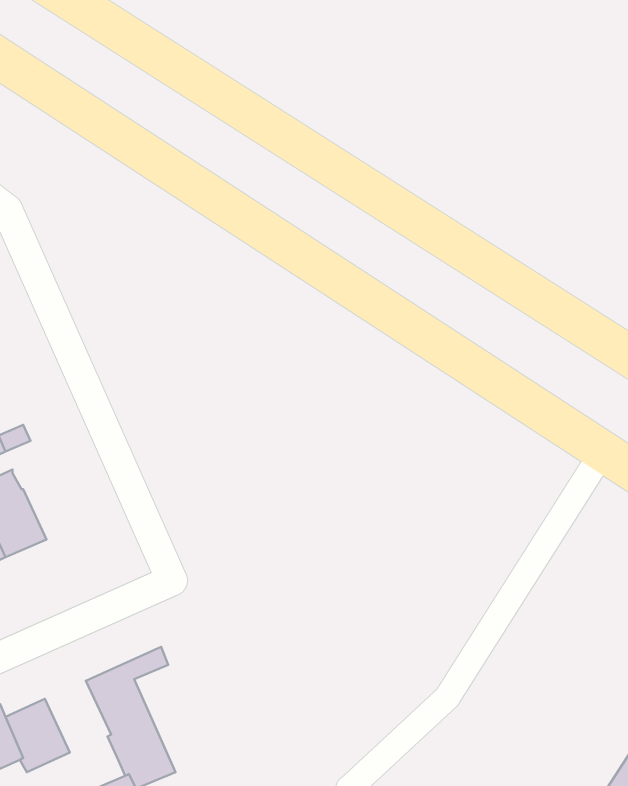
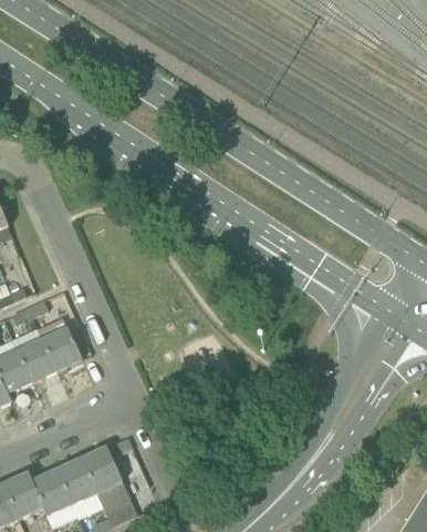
building: none -> [37,318,82,371]
building: none -> [56,459,102,518]

